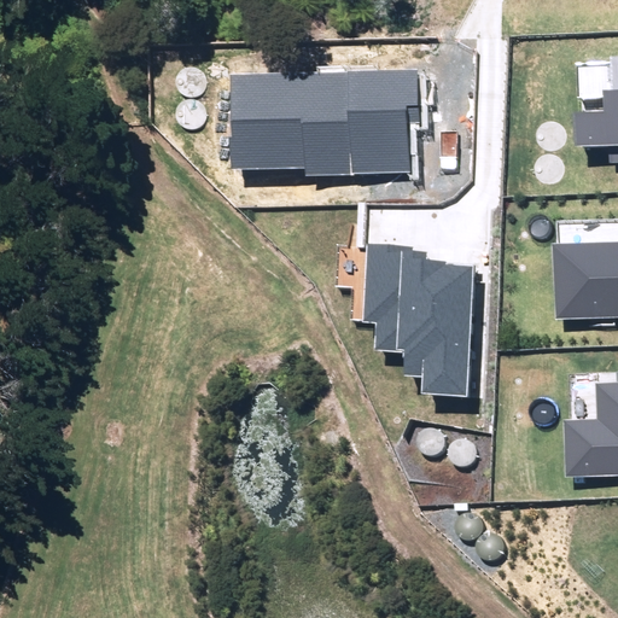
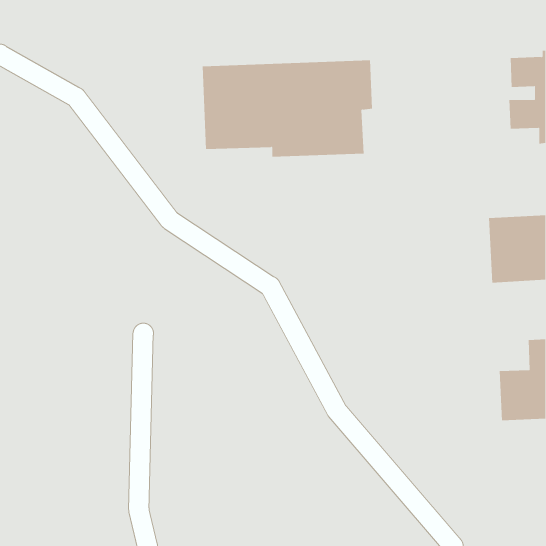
building: [365,244,473,396] -> none

